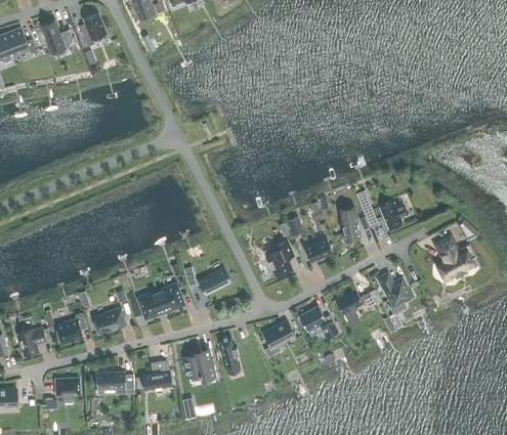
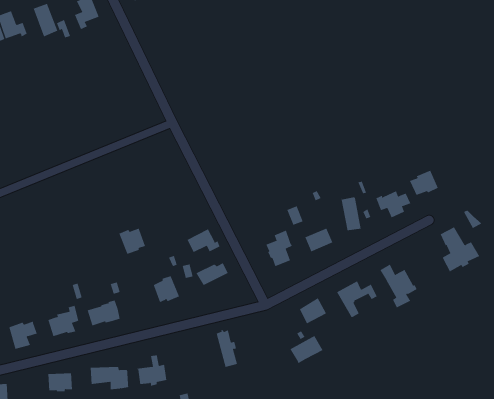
building: none -> [409,170,439,198]
building: none -> [187,229,220,253]
building: [137,291,164,318] -> [118,226,146,255]
building: [262,320,295,348] -> [290,335,323,364]
building: [183,349,213,380] -> none

